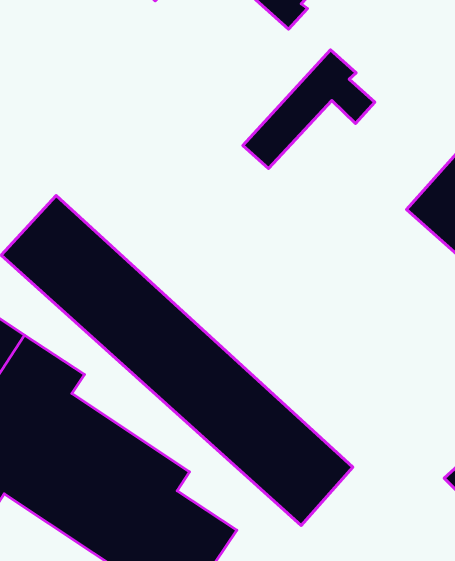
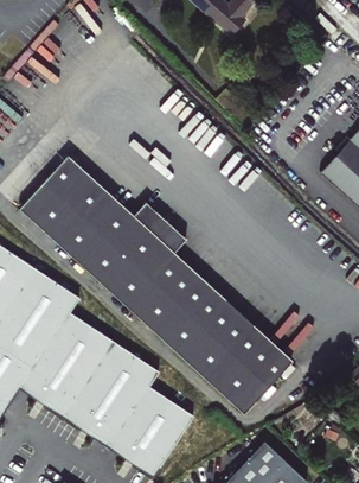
building: [243,50,375,169] -> none
building: none -> [56,153,289,367]

